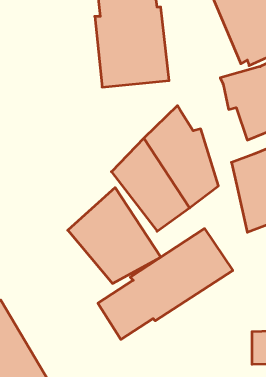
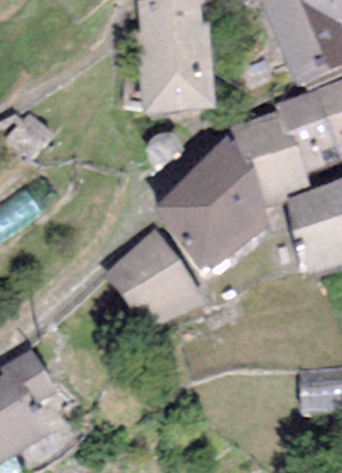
building: none -> [229,110,311,230]
building: [98,229,233,339] -> none

